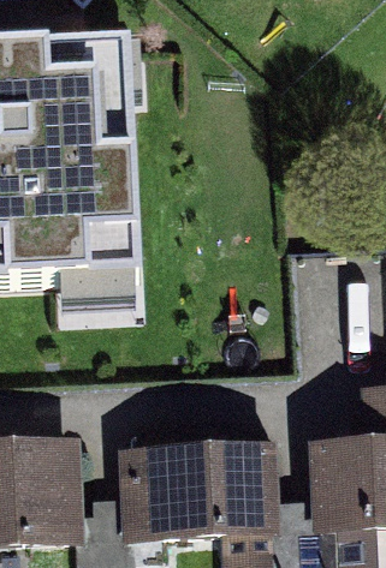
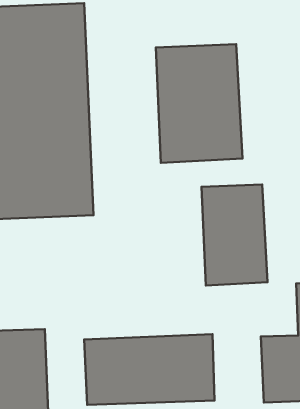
building: none -> [156,44,242,163]
building: none -> [201,184,268,286]

